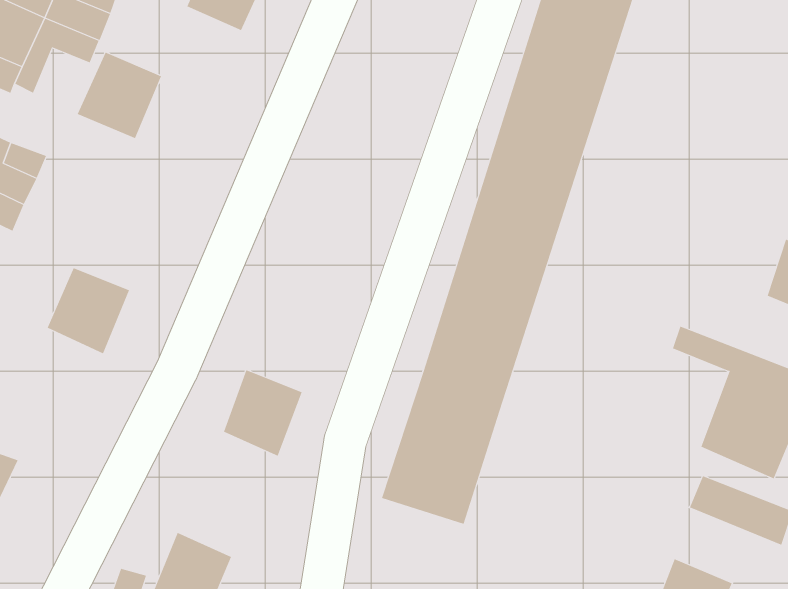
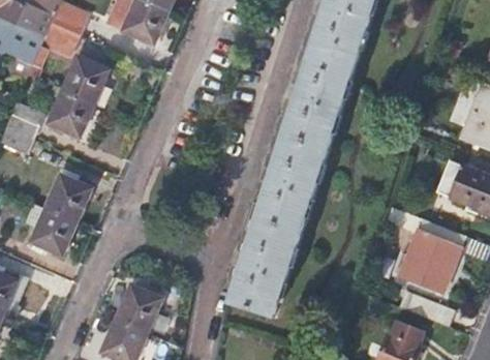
building: none -> [47,90,93,137]
building: none -> [29,207,75,254]
building: [223,369,303,456] -> [116,284,159,332]

